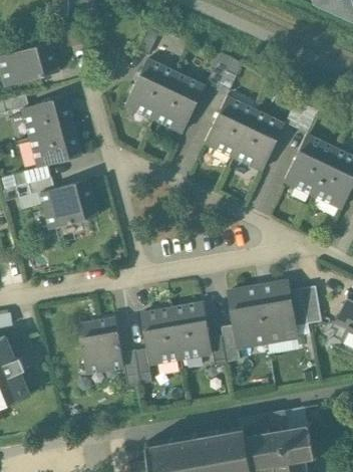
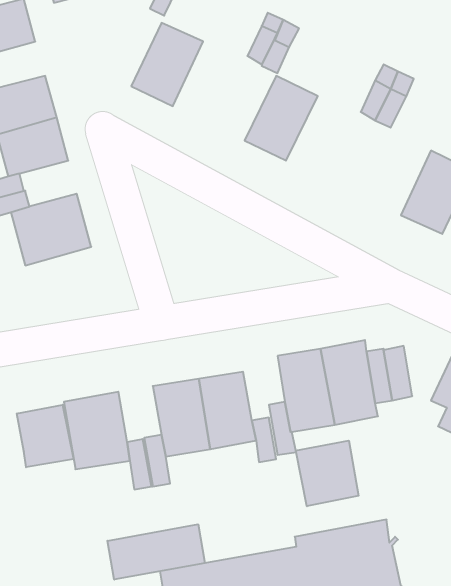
building: [153,72,204,132] -> none
building: [233,110,284,170] -> none
building: [284,135,334,194] -> none
building: none -> [17,405,74,467]
building: none -> [296,441,359,506]
building: none -> [107,524,205,580]

